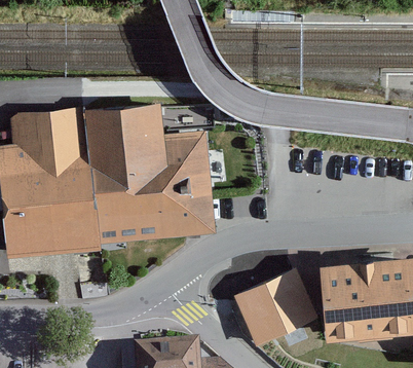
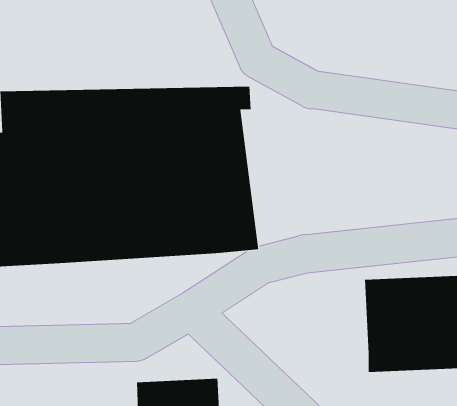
building: [229,269,308,344] -> none

